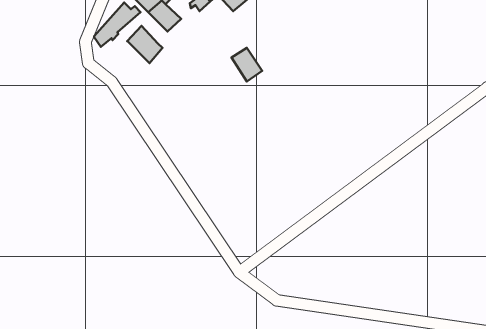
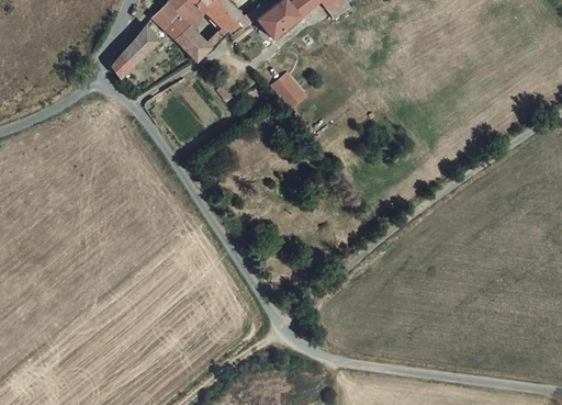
building: [127,26,162,63] -> none

